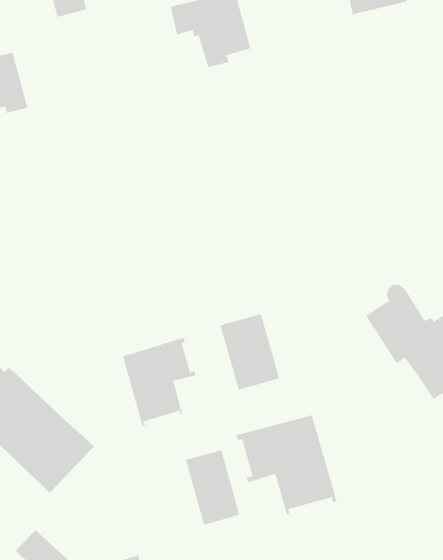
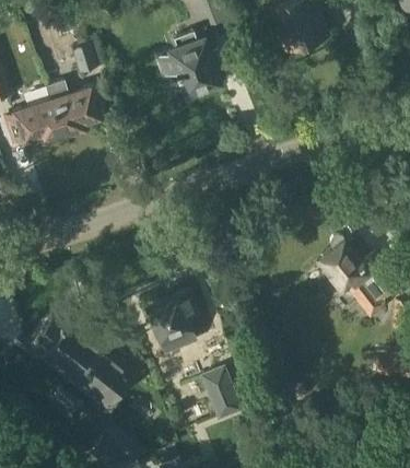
building: none -> [46,81,104,139]
building: [220,313,280,391] -> none
building: [236,414,337,516] -> none

